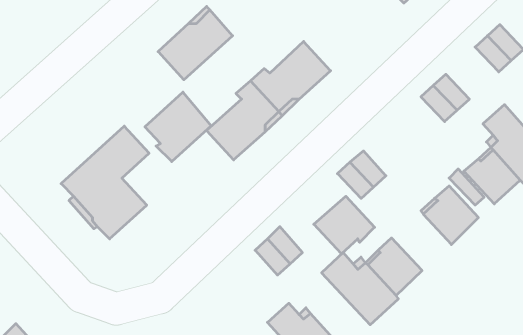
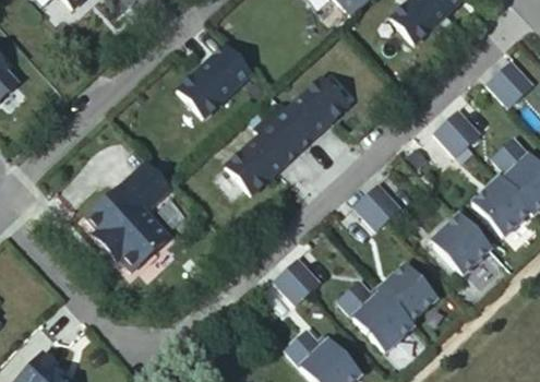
building: [145,92,211,162] -> none
building: [314,196,375,254] -> none

